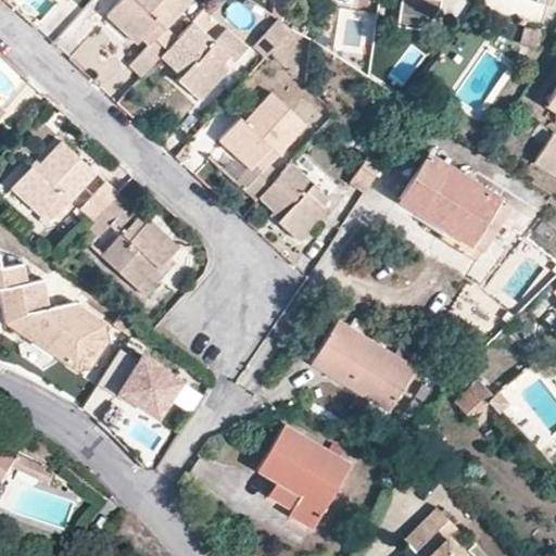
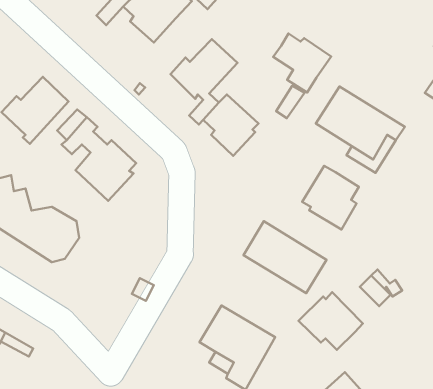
building: none -> [273,34,331,93]
building: none -> [302,166,359,230]
building: [97,352,179,420] -> none
building: none -> [299,292,363,350]

